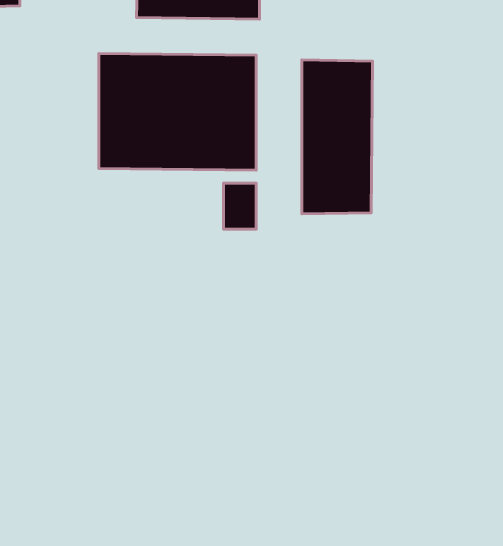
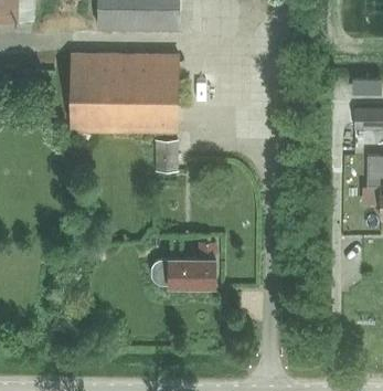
building: [302,60,373,214] -> none
building: none -> [151,242,216,286]

